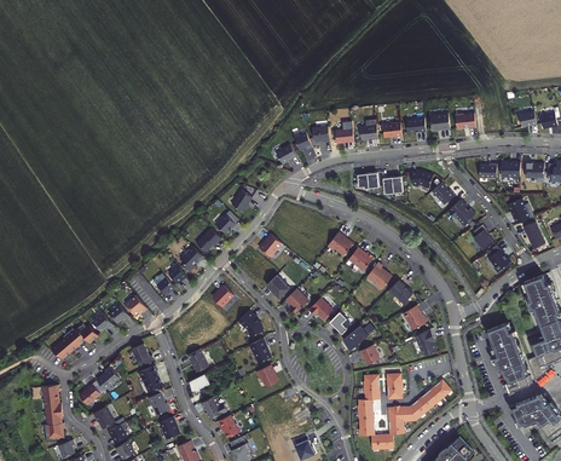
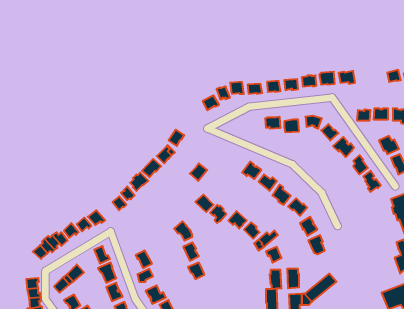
building: [487,323,533,391] -> none

